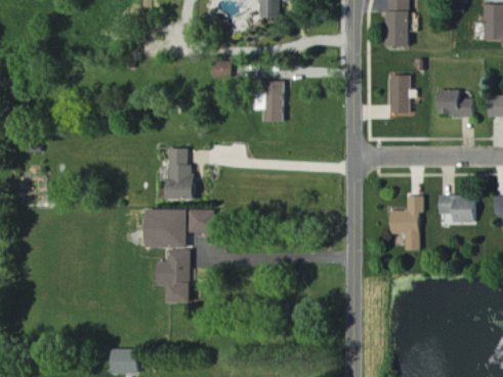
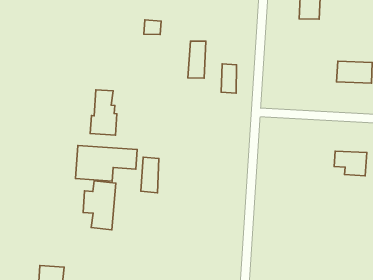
building: [388,76,410,116] -> none
building: none -> [221,64,237,93]
building: [389,195,422,249] -> none
building: none -> [141,157,159,193]

